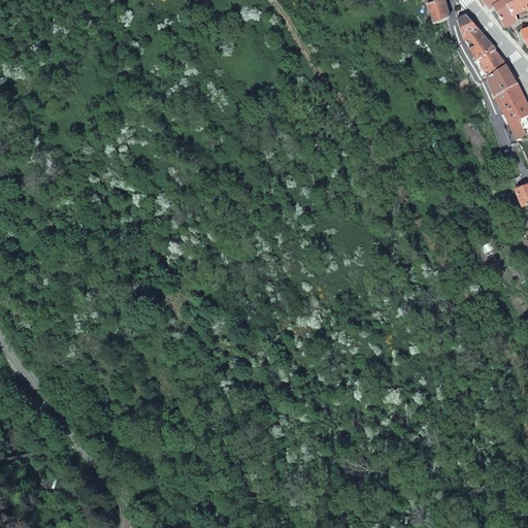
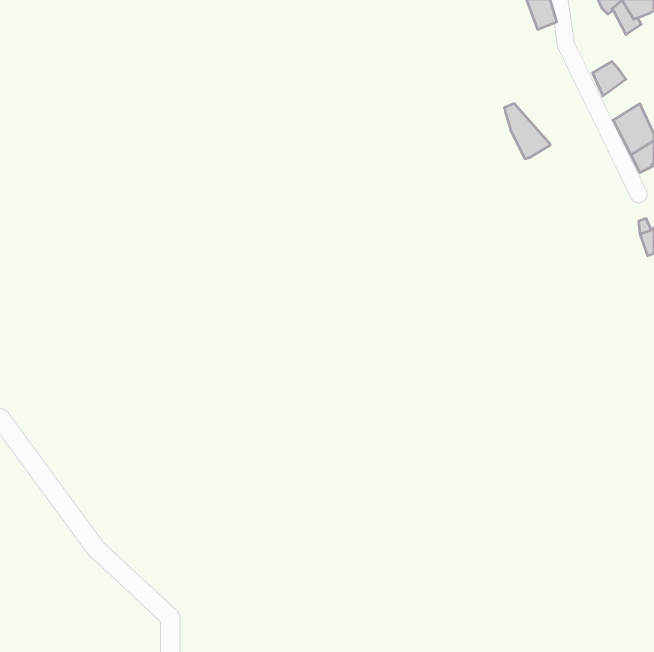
building: [457,15,494,60] -> [504,104,550,159]
building: [486,64,516,97] -> none

